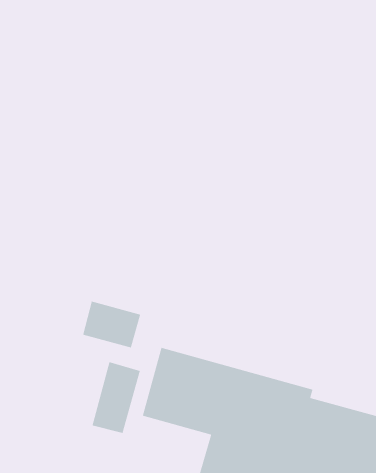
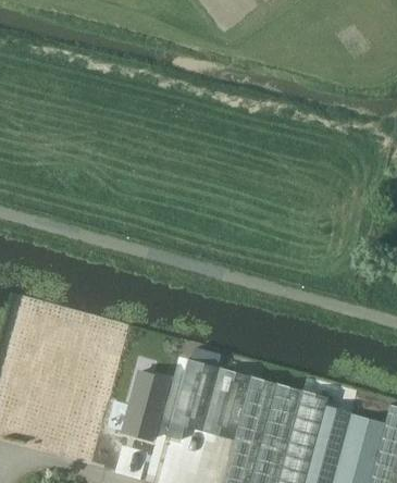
building: [82,301,141,348] -> none

